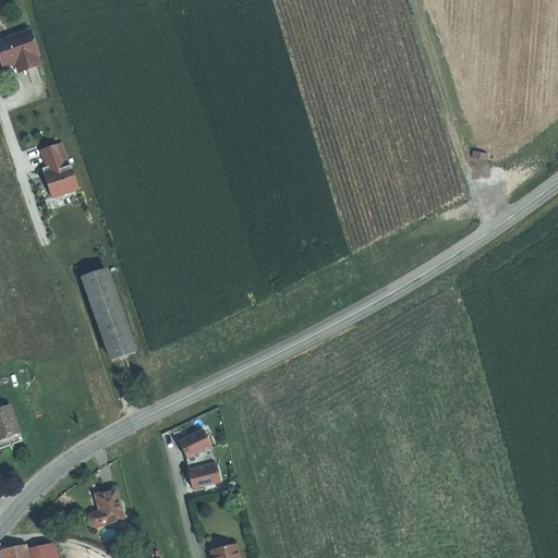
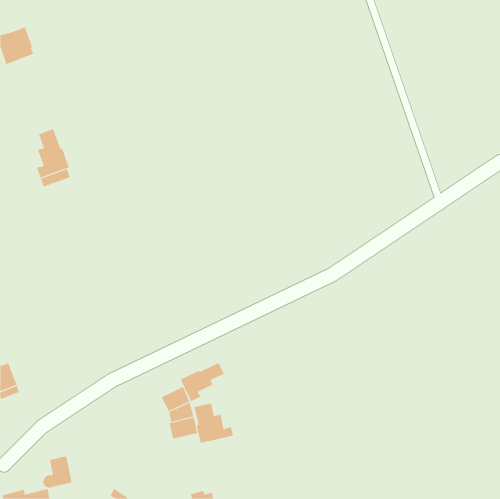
building: [82,268,136,359] -> none
building: none -> [180,362,224,402]
building: none -> [194,403,233,444]
building: [88,489,122,525] -> [42,456,73,488]

